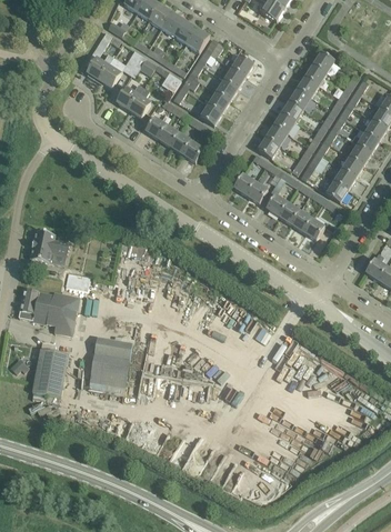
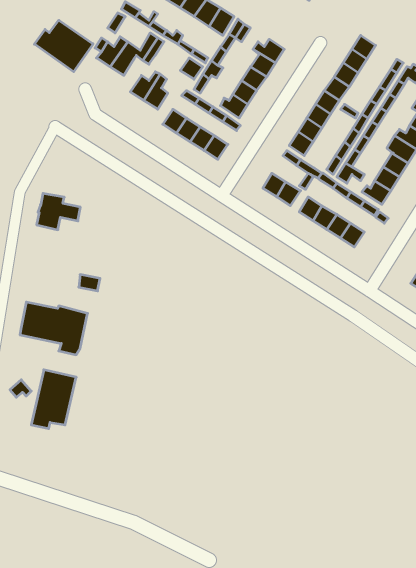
building: none -> [34,20,93,72]
building: [30,231,69,263] -> [37,193,80,230]
building: [88,337,131,394] -> none

